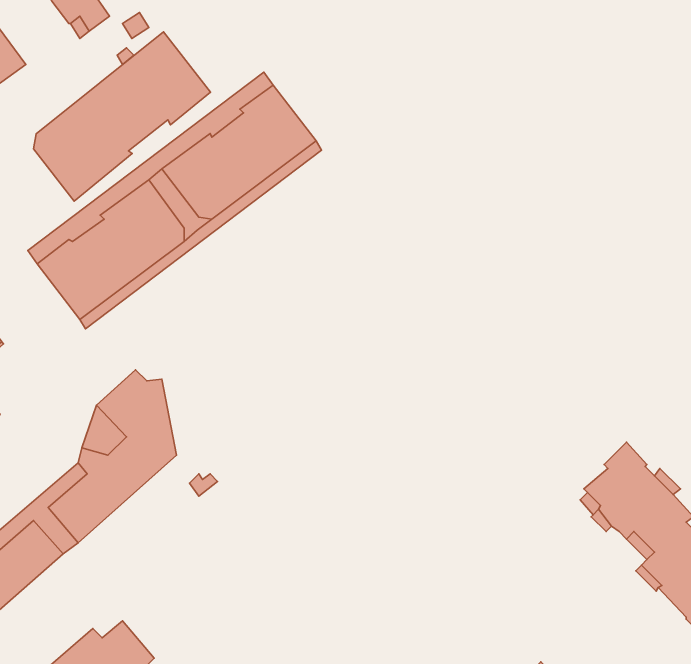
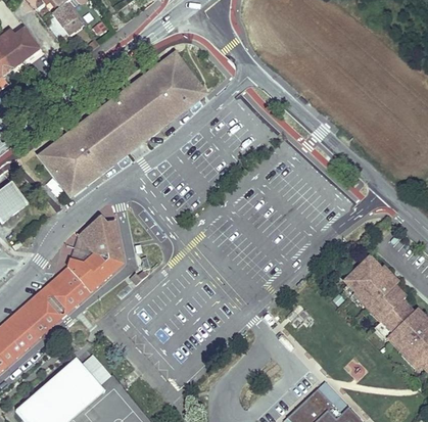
building: [34,32,210,201] -> none

